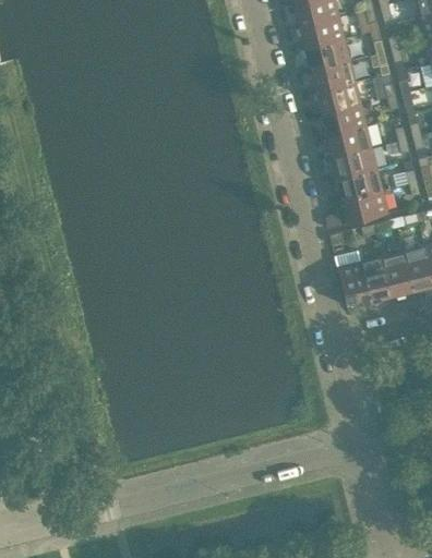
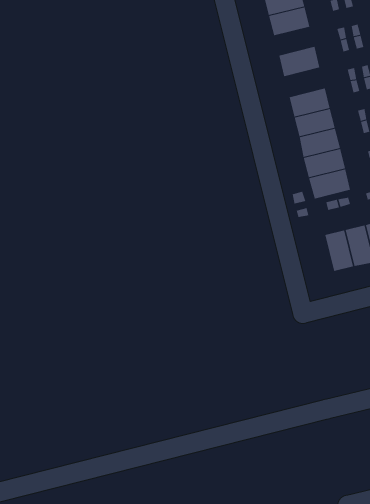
building: [307,39,351,70] -> none
building: [317,83,362,114] -> none
building: [336,251,371,307] -> none

